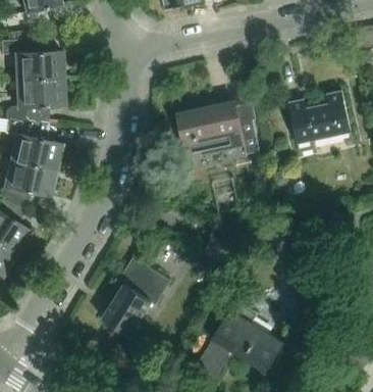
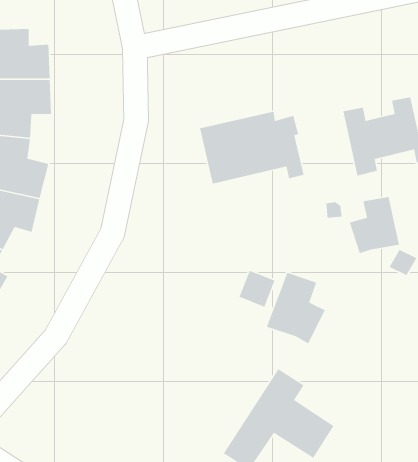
building: none -> [349,196,400,254]
building: none -> [266,272,326,344]
building: [103,257,171,336] -> none

